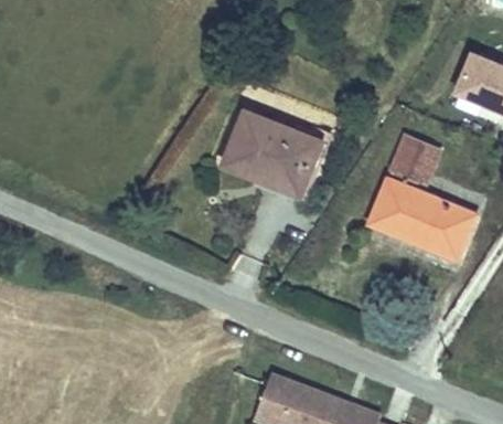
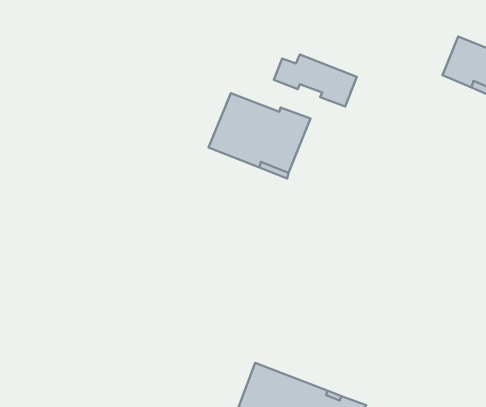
building: none -> [274,54,357,107]
building: [368,136,474,258] -> none

